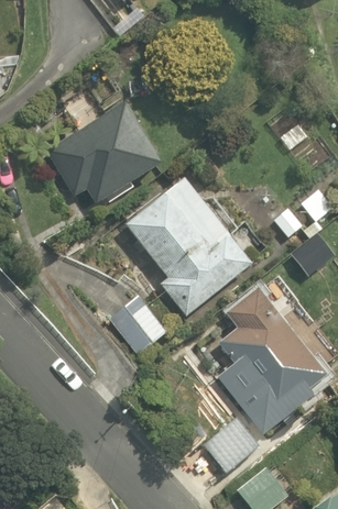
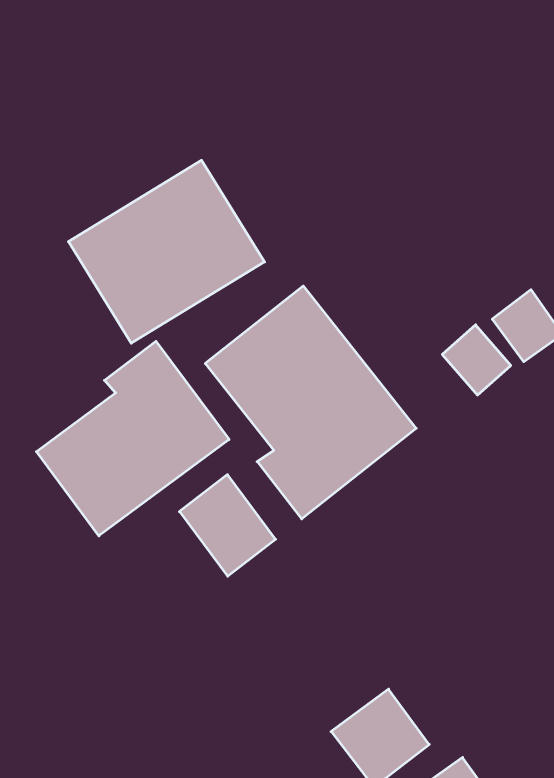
building: none -> [36,341,229,536]
building: [220,287,324,413] -> none

